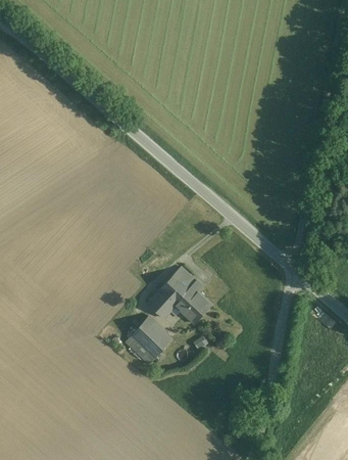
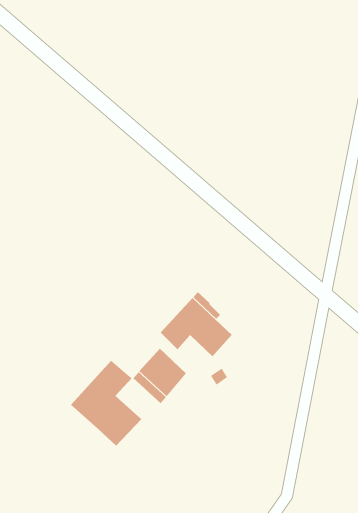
building: none -> [70,360,142,447]

